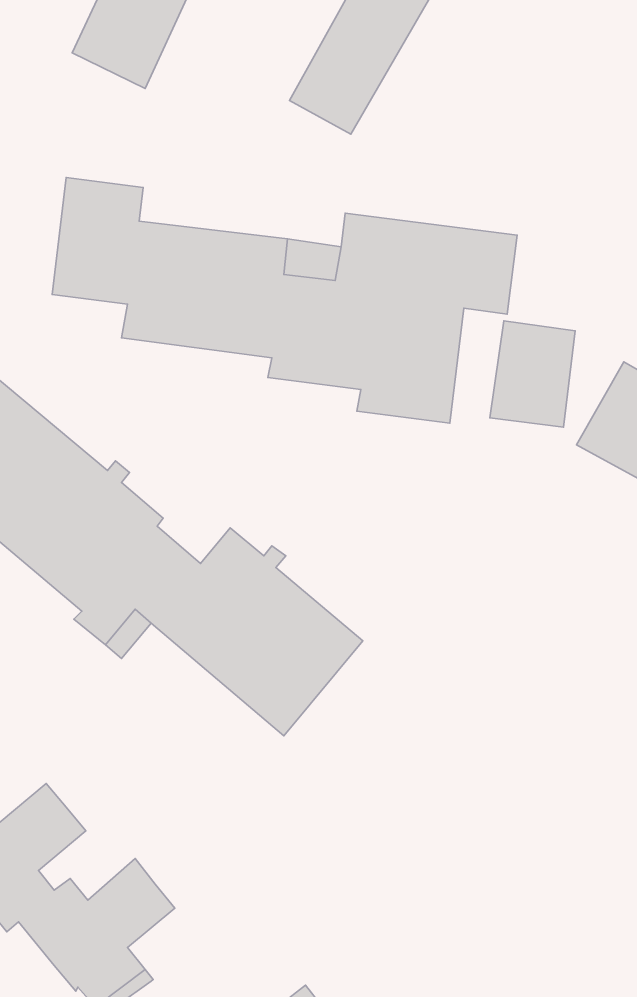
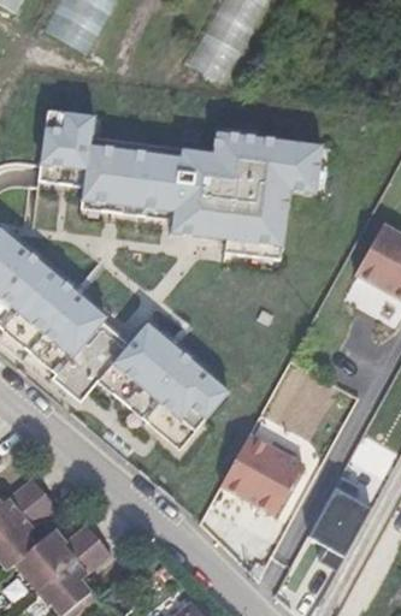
building: [490,321,575,427] -> none
building: none -> [222,434,303,515]
building: none -> [309,478,371,571]

